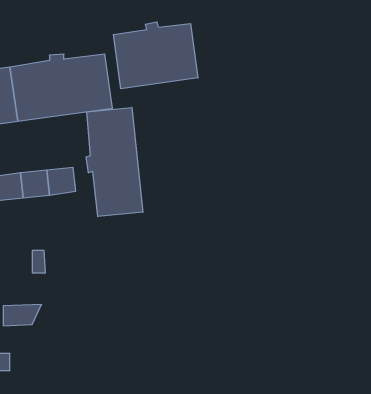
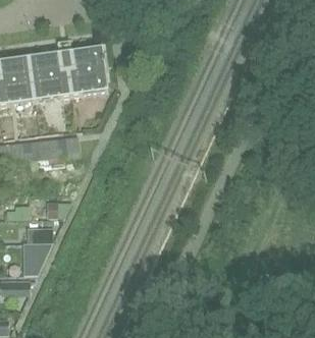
building: [114,22,198,89] -> none
building: [86,107,143,217] -> none

